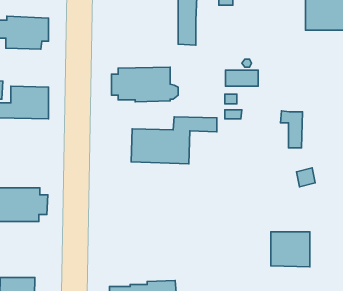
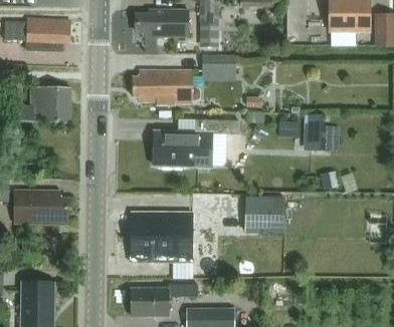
building: none -> [136,8,188,36]
building: [225,70,258,86] -> [202,54,235,70]
building: none -> [131,211,192,261]
building: [271,232,310,267] -> [245,196,284,231]

